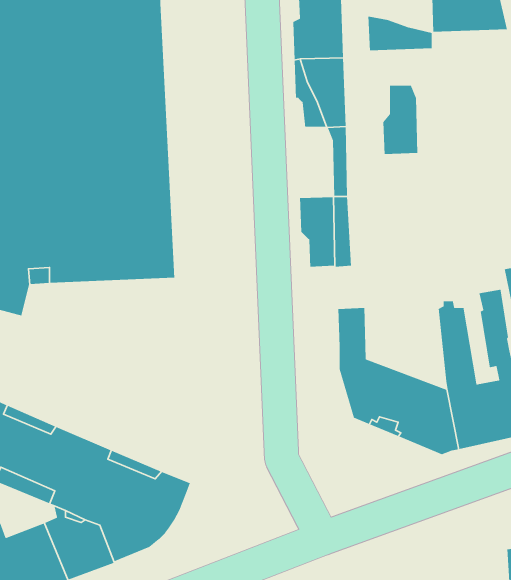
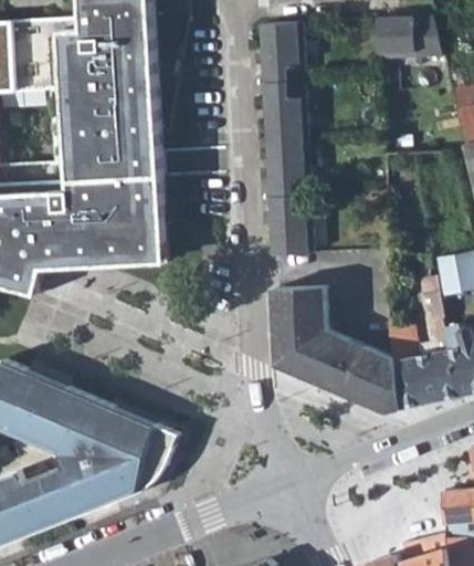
building: [367,16,433,51] -> none
building: [383,85,418,155] -> [266,138,296,197]
building: none -> [272,290,313,381]

